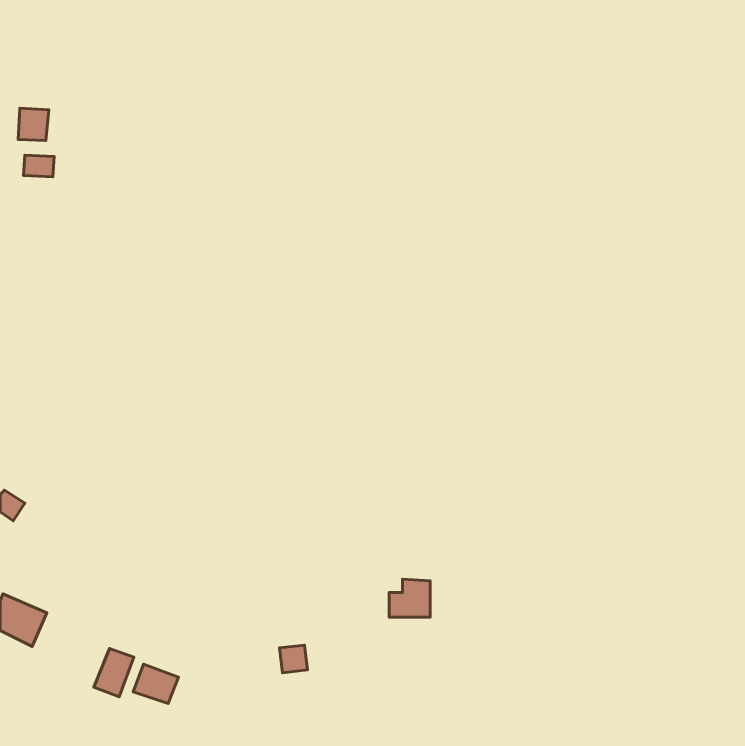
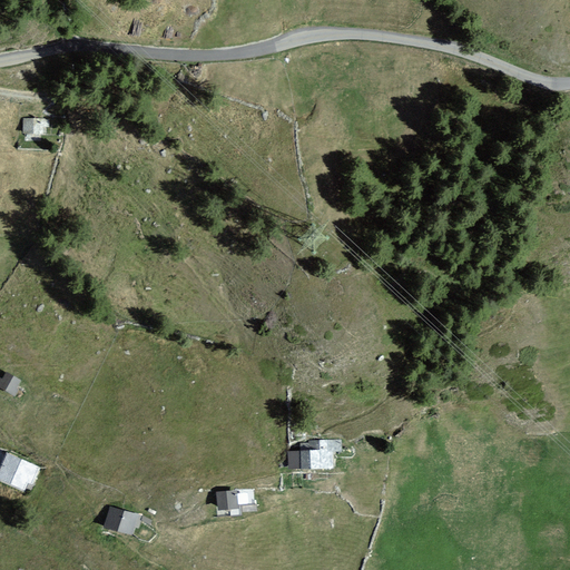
building: [18,108,49,141] -> none
building: [94,649,134,697] -> none

